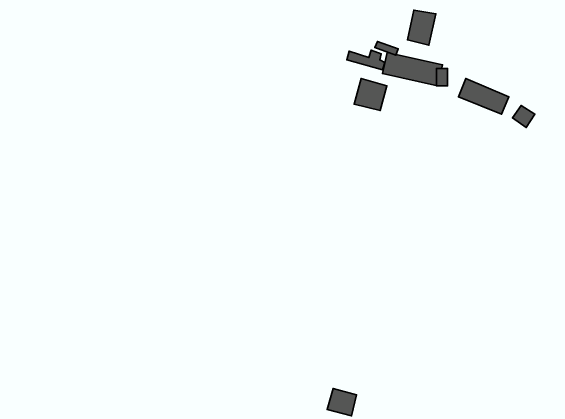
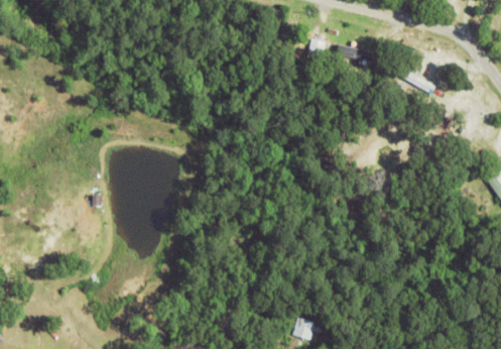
building: [408,10,436,45] -> none
building: [354,78,387,110] -> none

